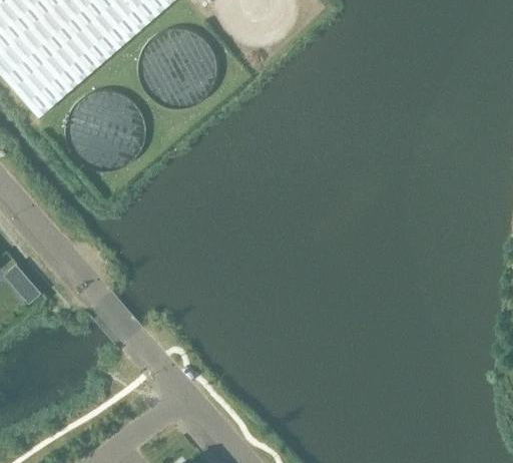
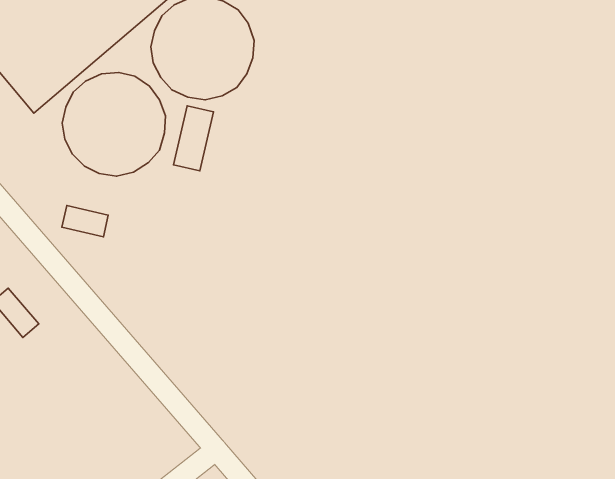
building: none -> [173,106,214,171]
building: none -> [62,206,108,237]

